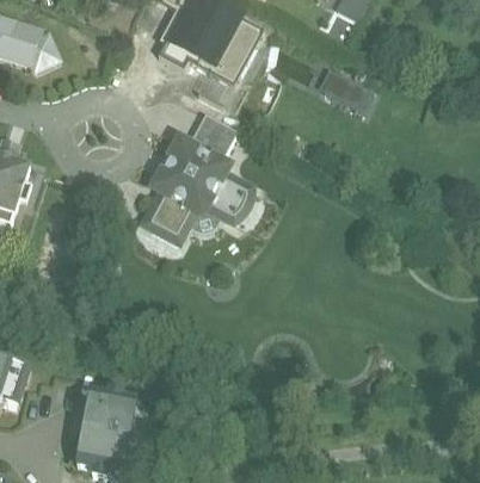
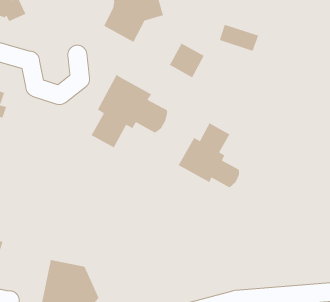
building: [189,112,238,161] -> [169,42,205,78]
building: none -> [178,122,240,188]

